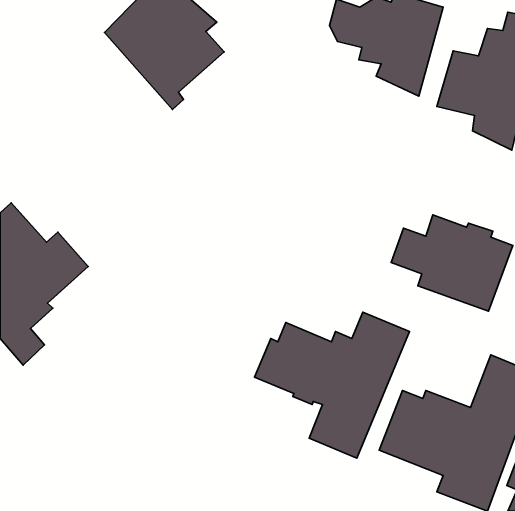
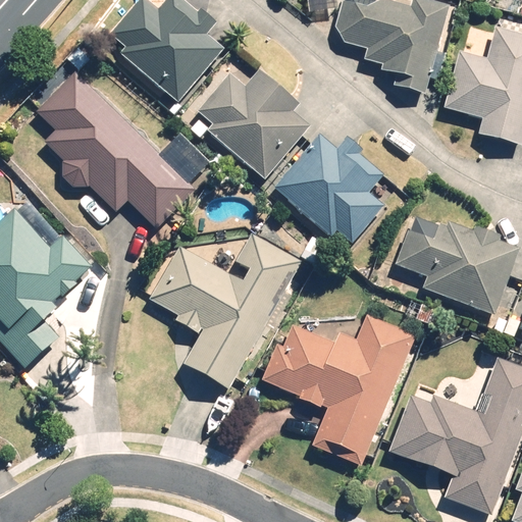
building: none -> [37,68,212,226]
building: none -> [193,70,308,179]
building: none -> [272,133,385,243]
building: none -> [147,231,302,388]

